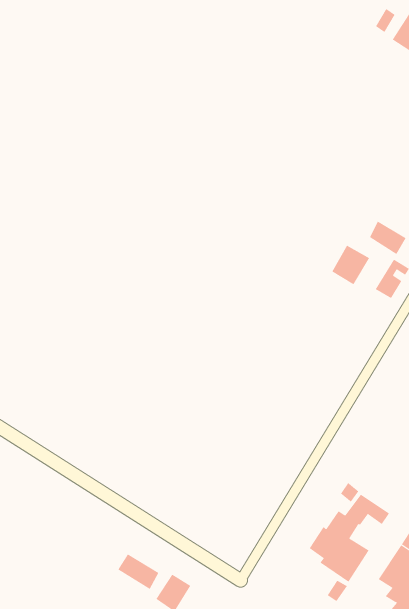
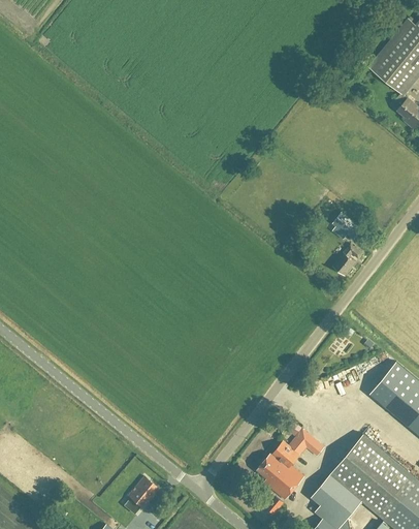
building: [331,245,370,285] -> none
building: [118,554,159,590] -> none

